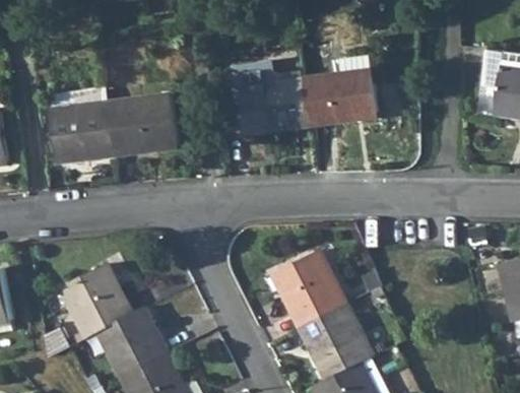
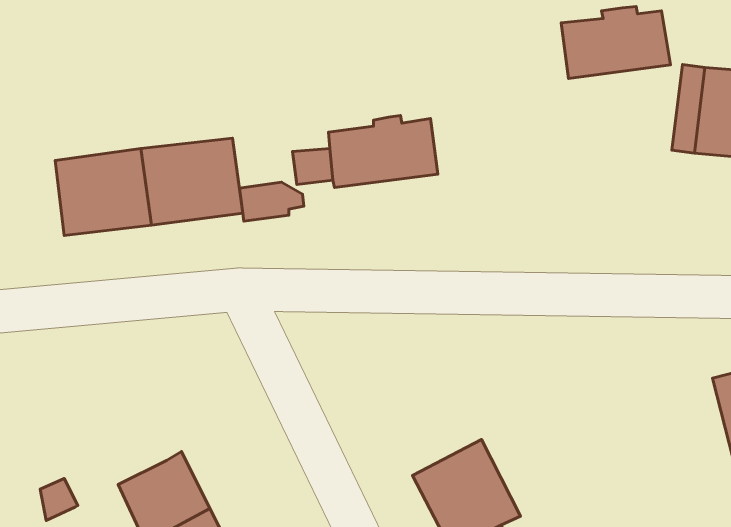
building: [238,66,281,92] -> [239,182,304,221]
building: [310,72,384,121] -> [561,6,671,78]
building: [272,249,344,325] -> none
building: [58,262,131,338] -> none

